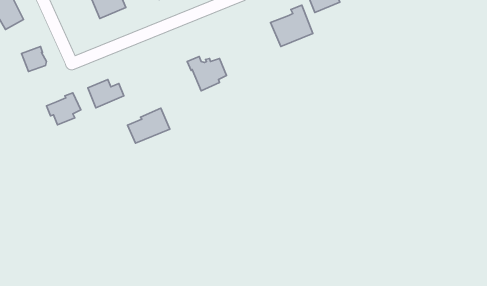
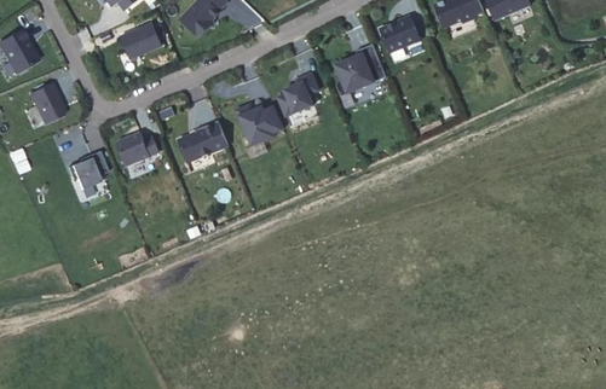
building: none -> [277,72,318,116]
building: [128,108,170,143] -> [177,118,227,161]

